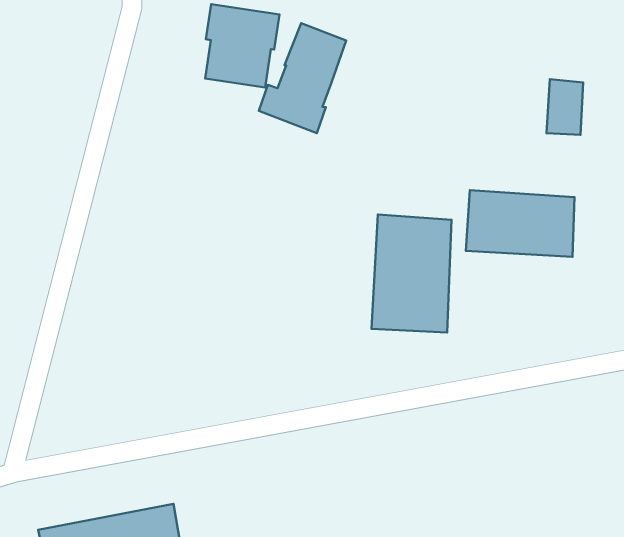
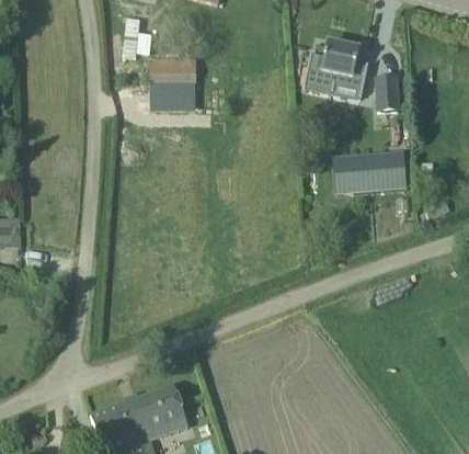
building: [259,23,346,133] -> [309,42,358,111]
building: [372,215,451,332] -> none

